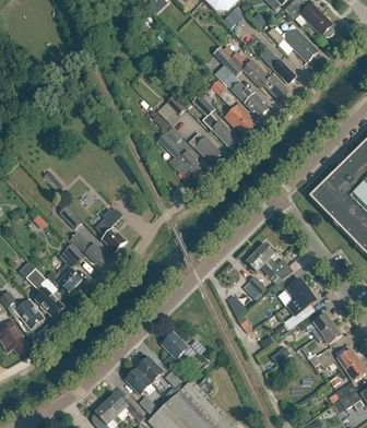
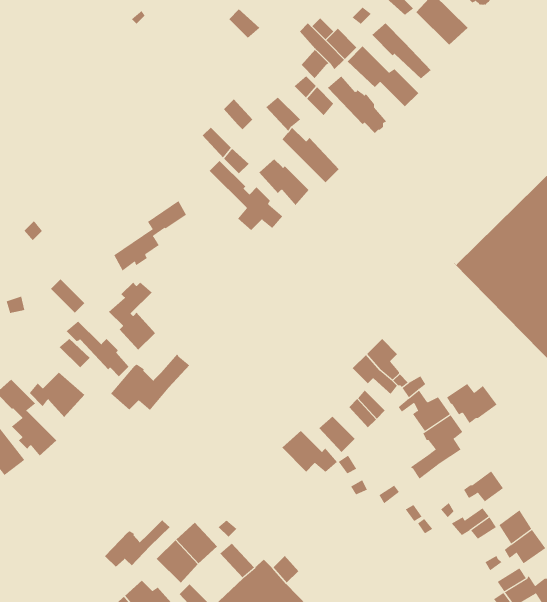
building: [223,103,254,133] -> none
building: none -> [114,200,187,272]
building: none -> [110,353,190,411]
building: [300,311,332,336] -> [446,383,497,424]
building: [161,332,196,358] -> [281,430,338,472]
building: none -> [104,519,171,567]

